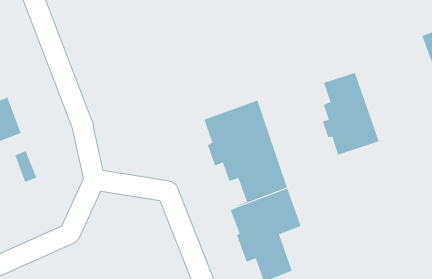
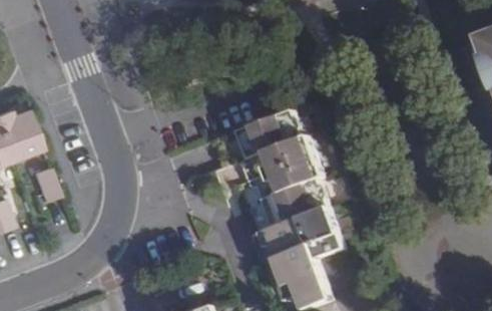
building: [310,72,380,155] -> none

